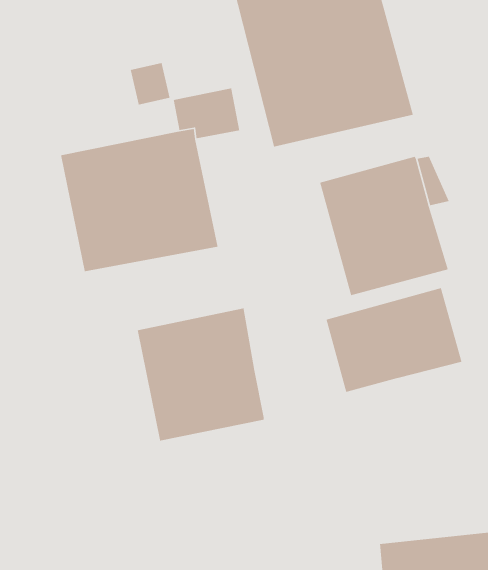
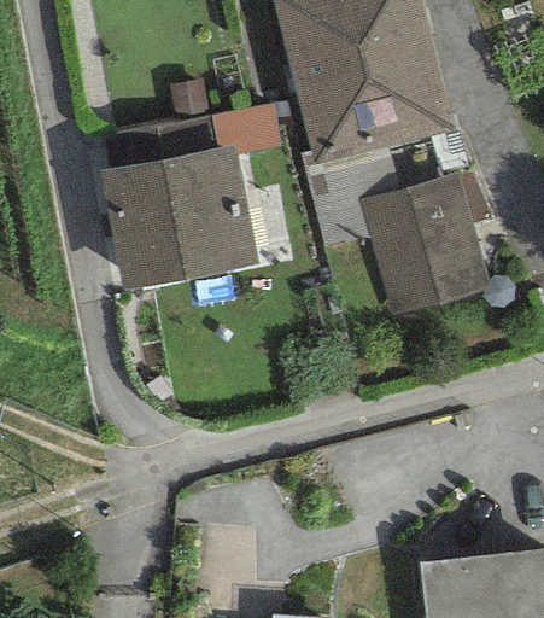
building: [326,287,462,392] -> none
building: [137,308,265,441] -> none

